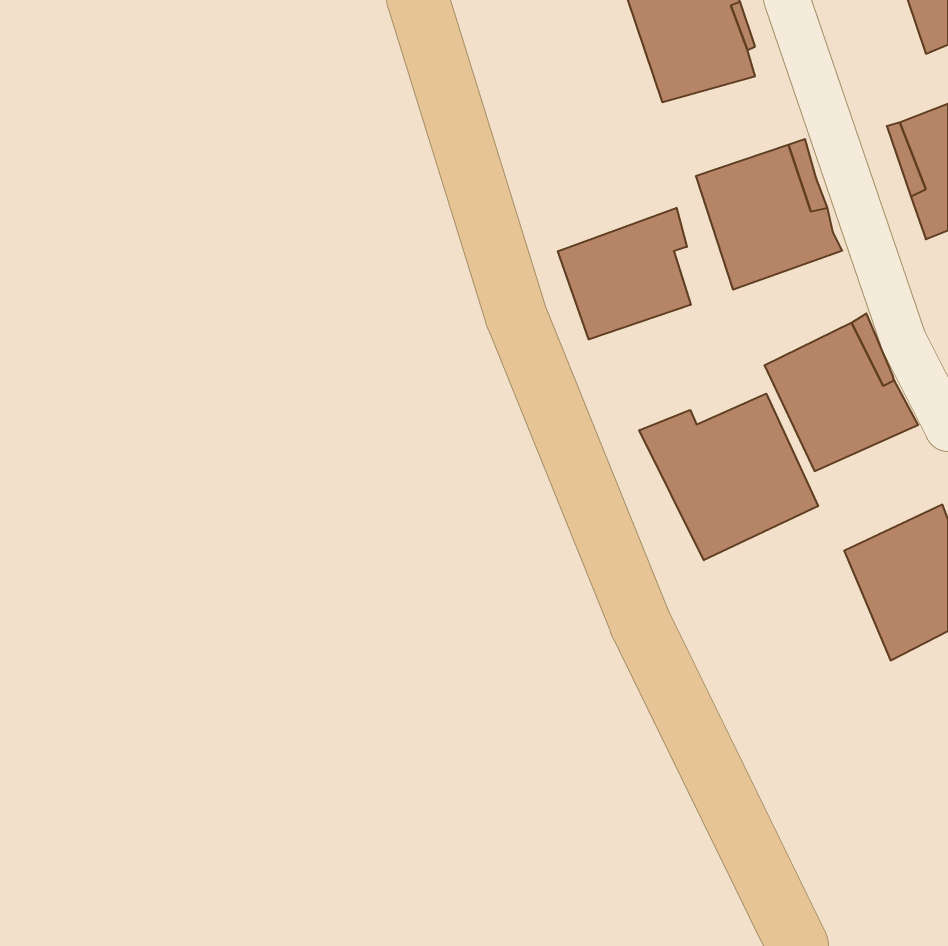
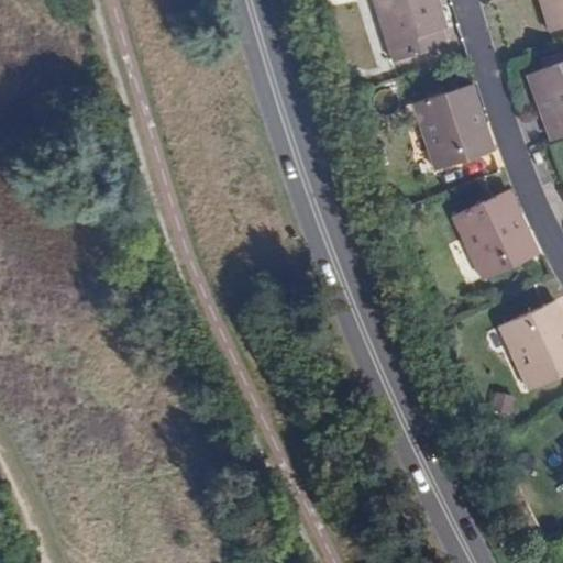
building: [558,208,691,339] -> none
building: [639,394,818,560] -> none

